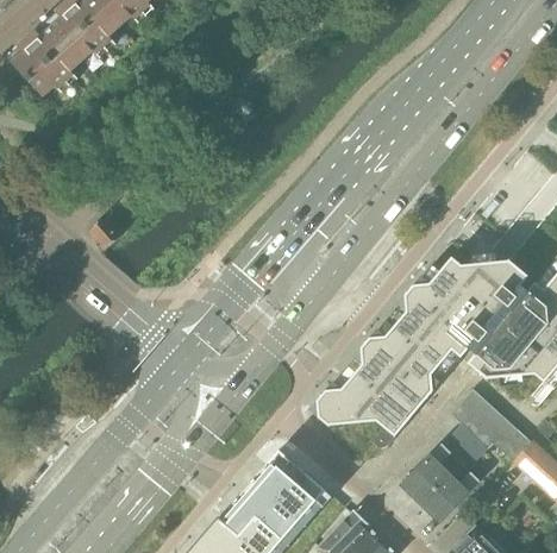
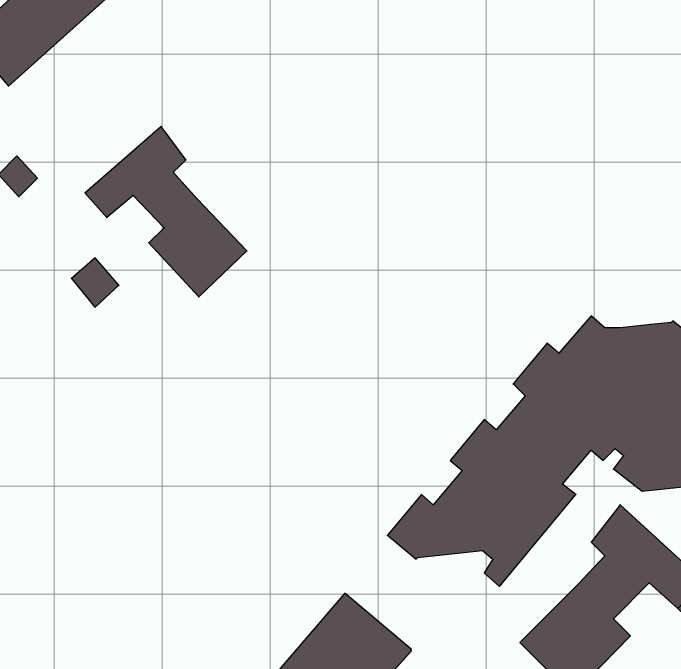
building: none -> [85,126,247,297]

